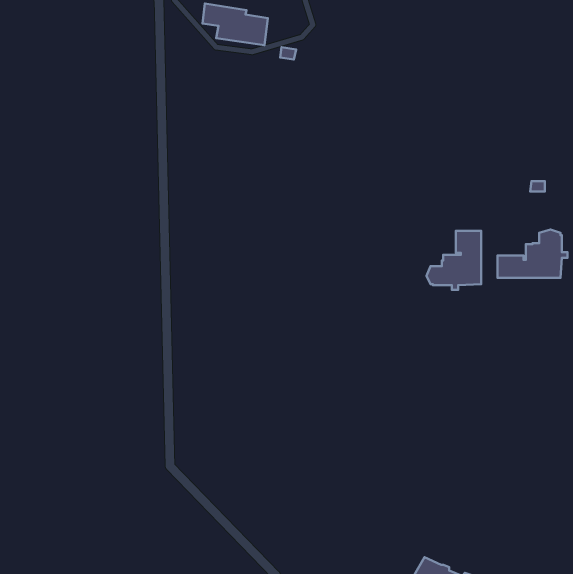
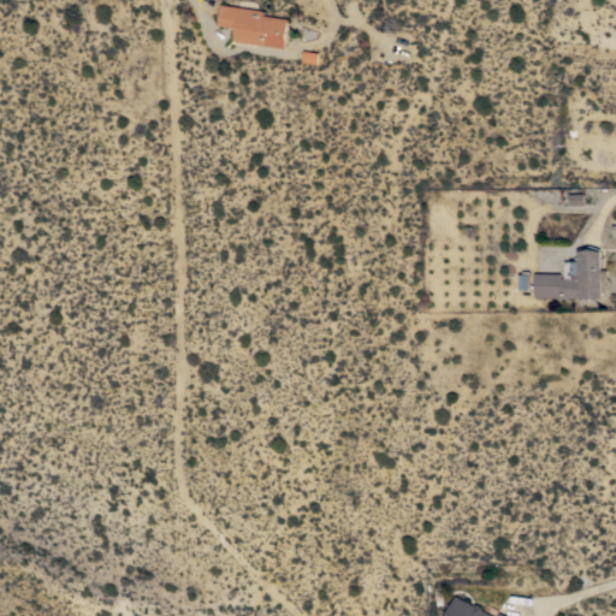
building: [427,231,481,290] -> none

